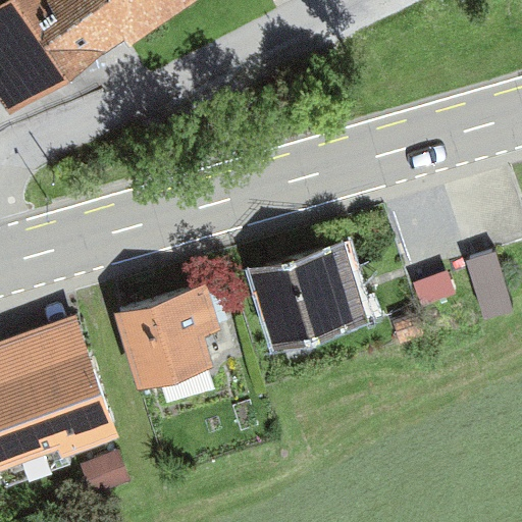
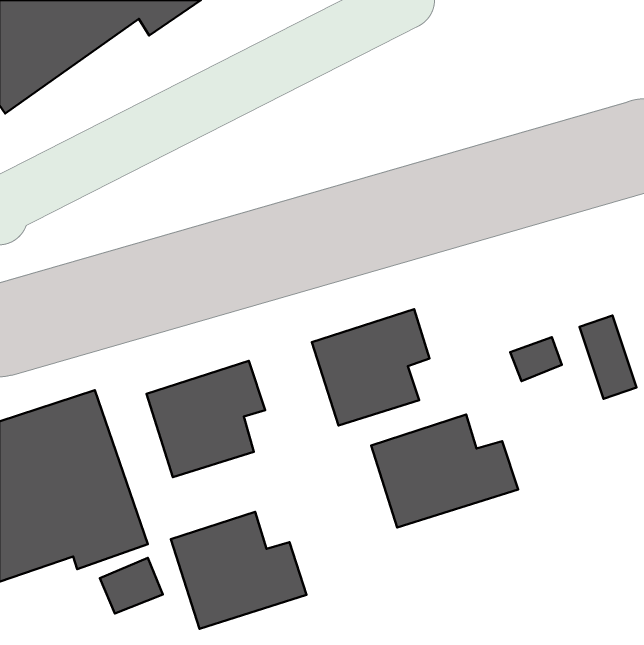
building: none -> [371,415,518,528]
building: none -> [171,512,307,629]

